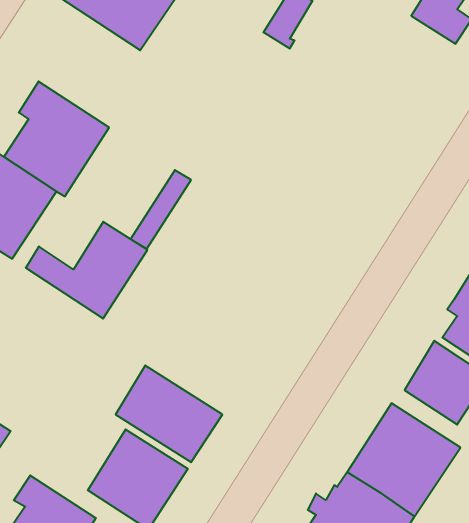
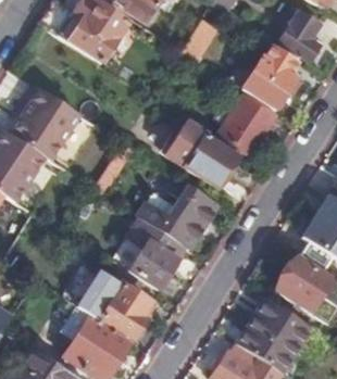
building: none -> [240,42,300,110]
building: none -> [217,97,272,153]
building: none -> [164,118,235,186]
building: [26,222,147,319] -> [137,185,217,249]
building: none -> [129,232,175,287]

